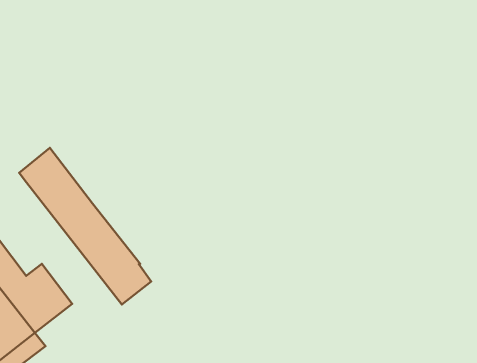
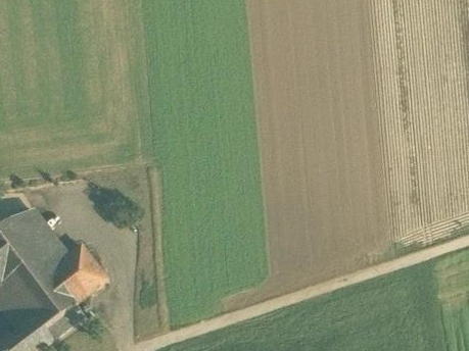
building: [19,148,151,304] -> none

